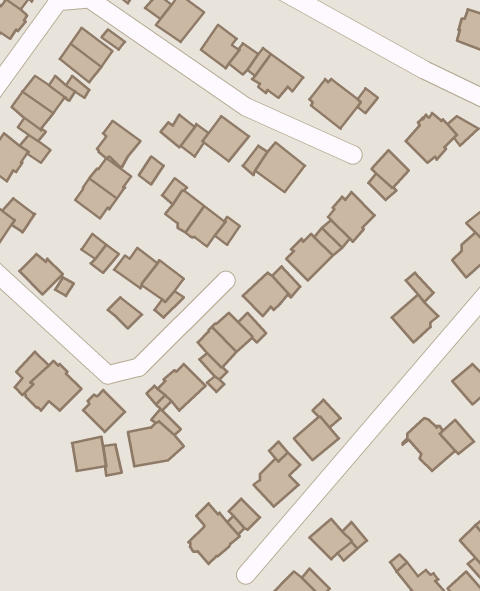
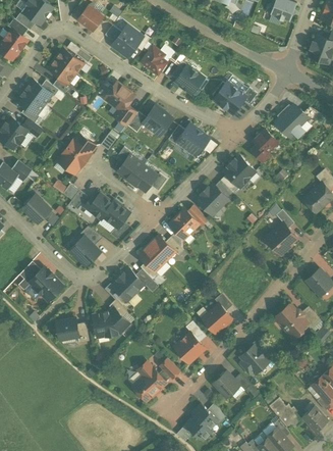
building: [97,121,140,167] -> [107,82,135,112]
building: [83,390,125,432] -> [72,238,100,265]
building: none -> [241,345,268,373]

